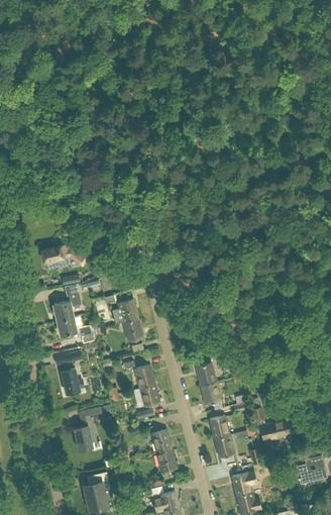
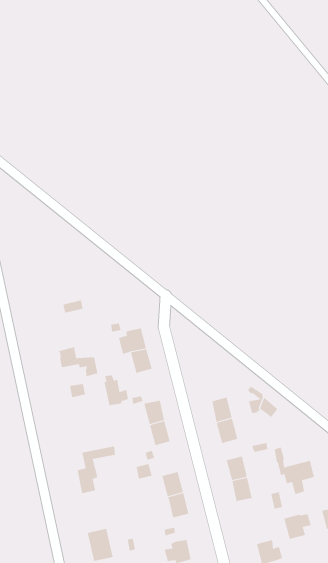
building: [40,244,88,270] -> none
building: [52,286,79,320] -> none
building: [61,365,84,393] -> [103,375,129,406]
building: [231,472,256,495] -> [284,514,311,540]

